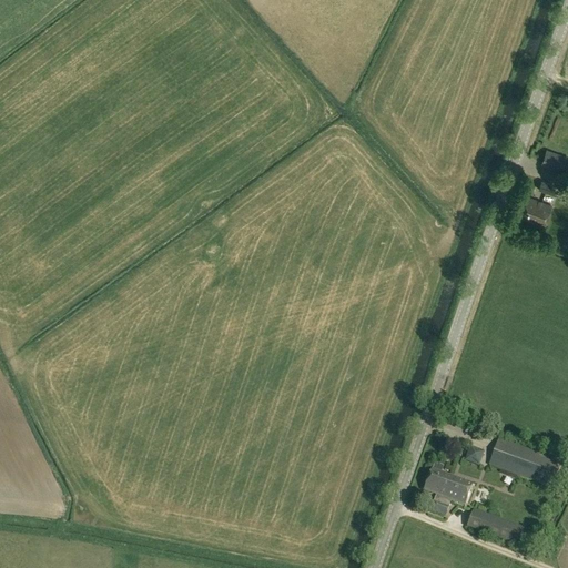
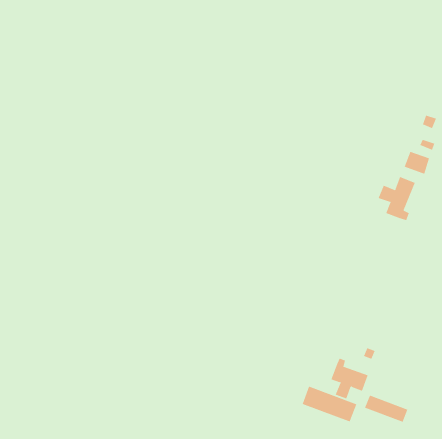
building: none -> [378,176,415,221]
building: [489,438,560,485] -> [302,386,357,422]

